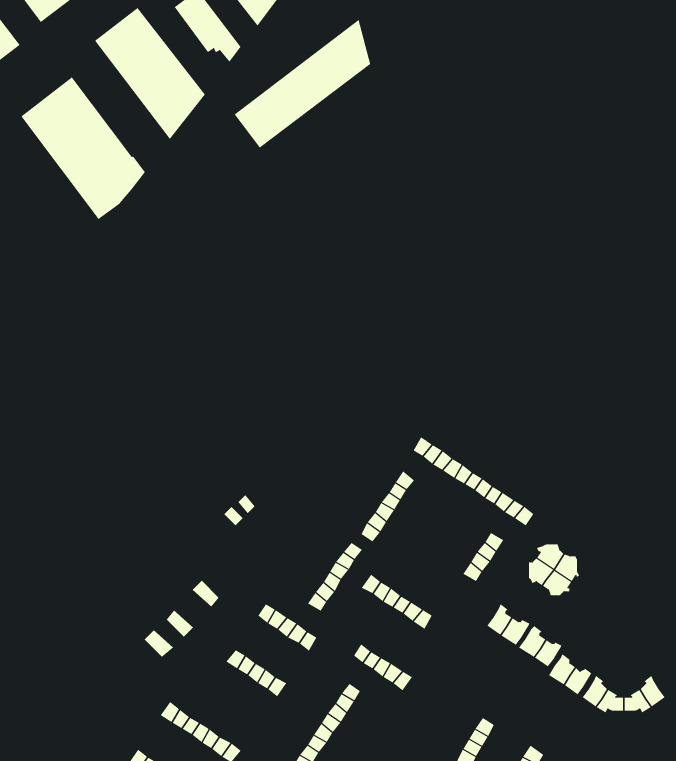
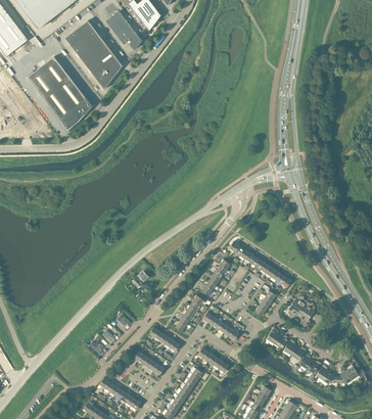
building: [234,19,371,148] -> none

